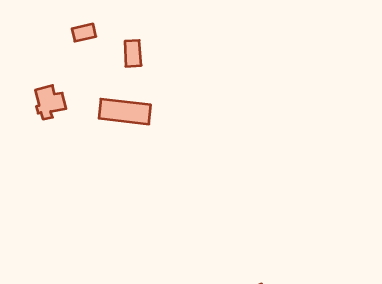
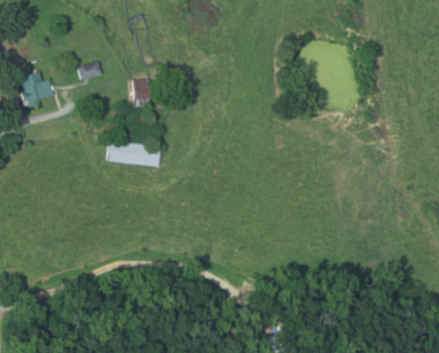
building: [35,85,66,119] -> [20,72,53,108]

